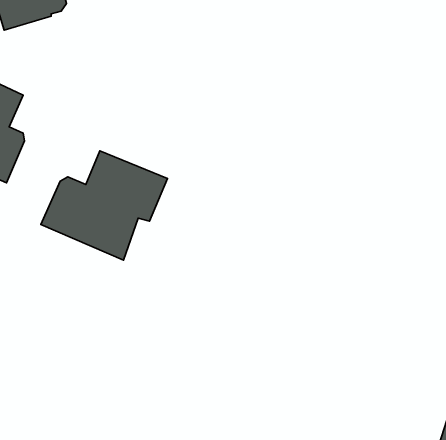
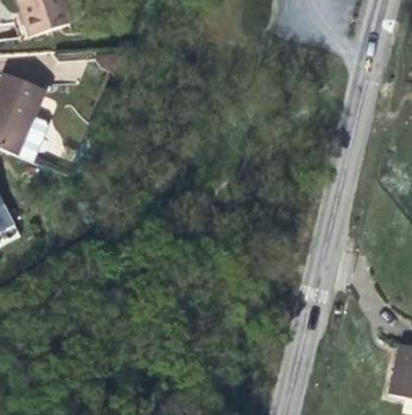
building: [41,151,168,260] -> none

